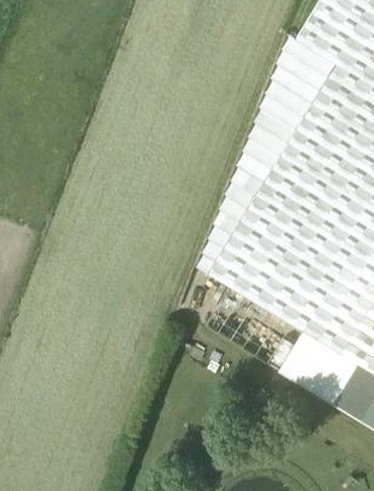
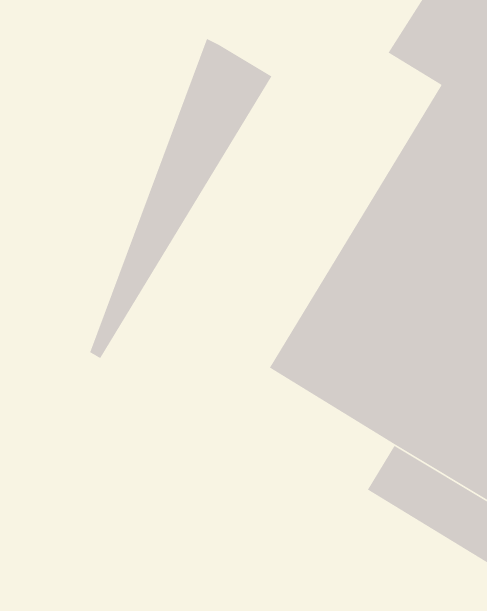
building: [197,36,334,276] -> [89,38,272,359]

